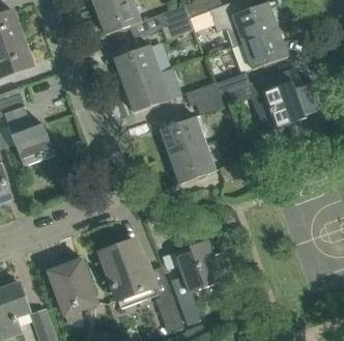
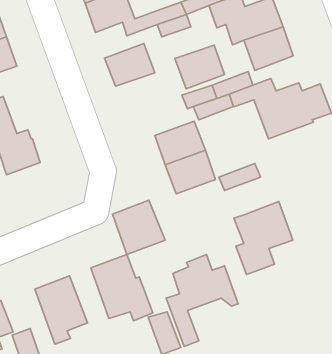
building: [123,72,169,112] -> [175,45,224,89]
building: none -> [112,200,165,255]
building: none -> [234,201,293,275]

